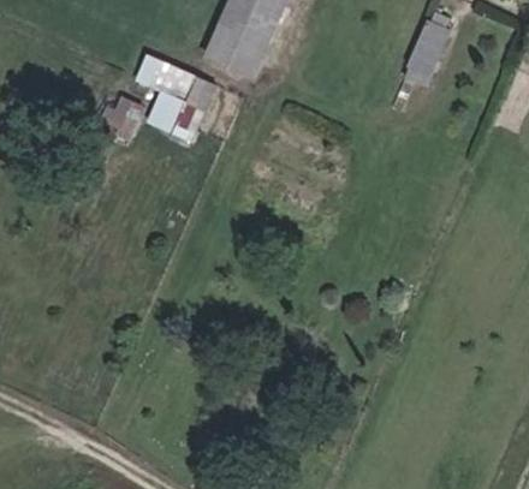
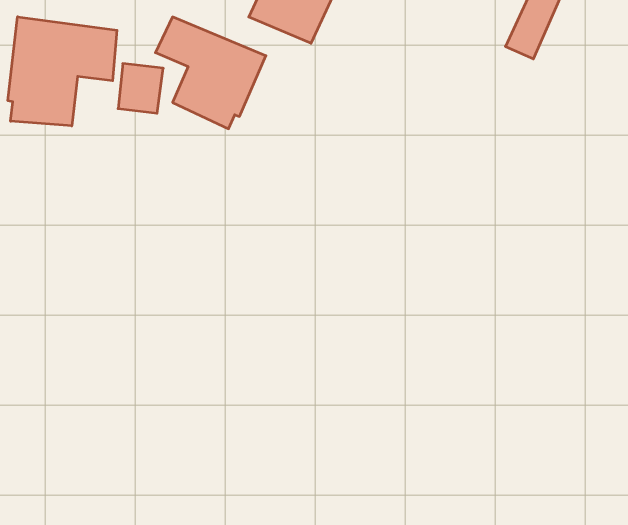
building: none -> [8,17,117,126]

